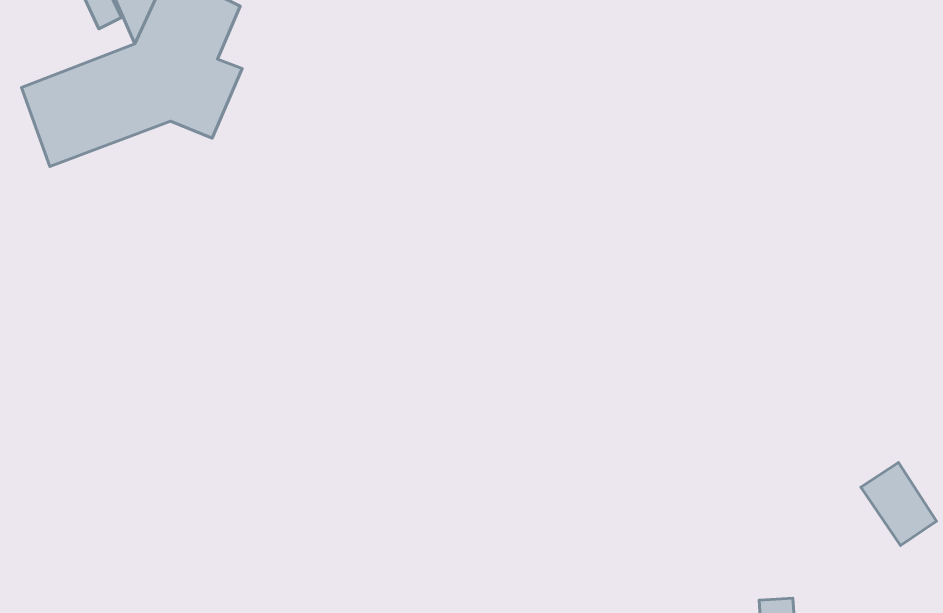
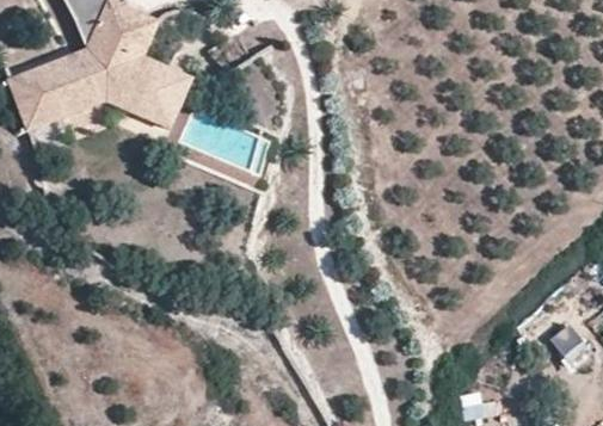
building: none -> [136,64,189,123]

